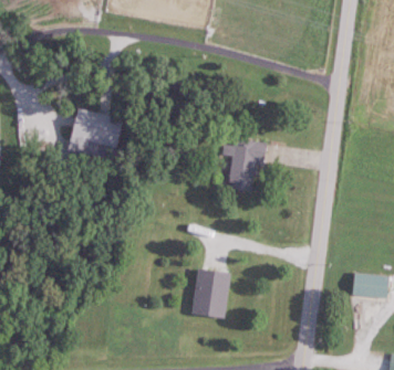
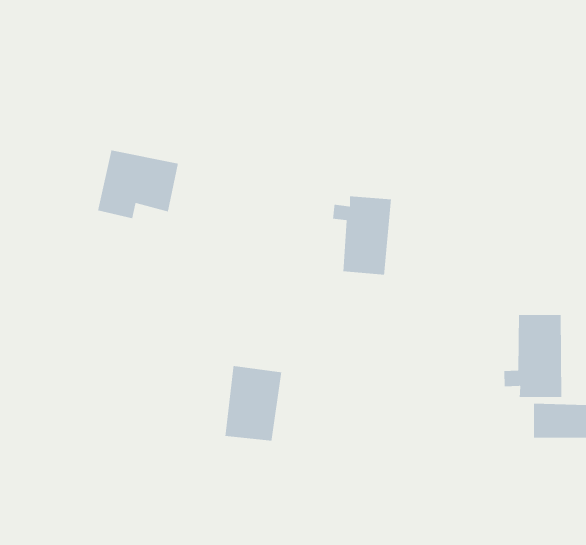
building: none -> [503,314,562,398]
building: [193,268,230,318] -> [224,365,282,442]

